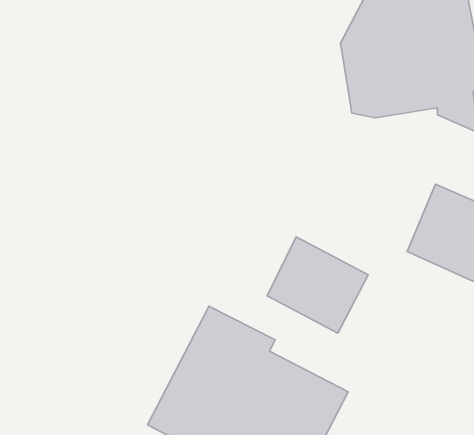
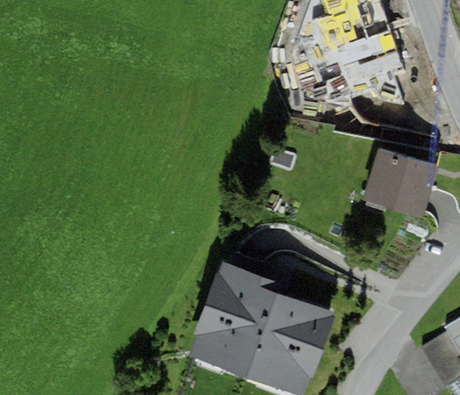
building: [267,237,368,333] -> none

